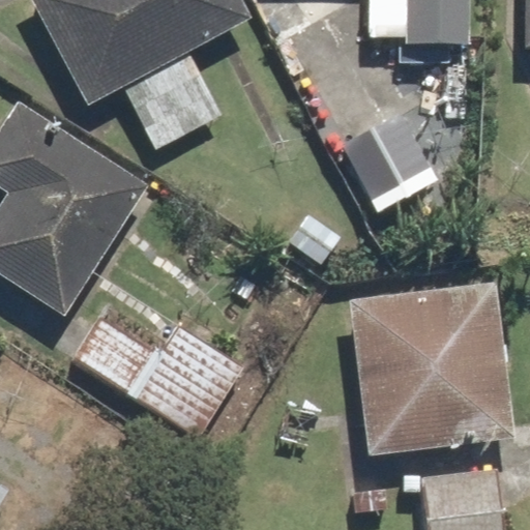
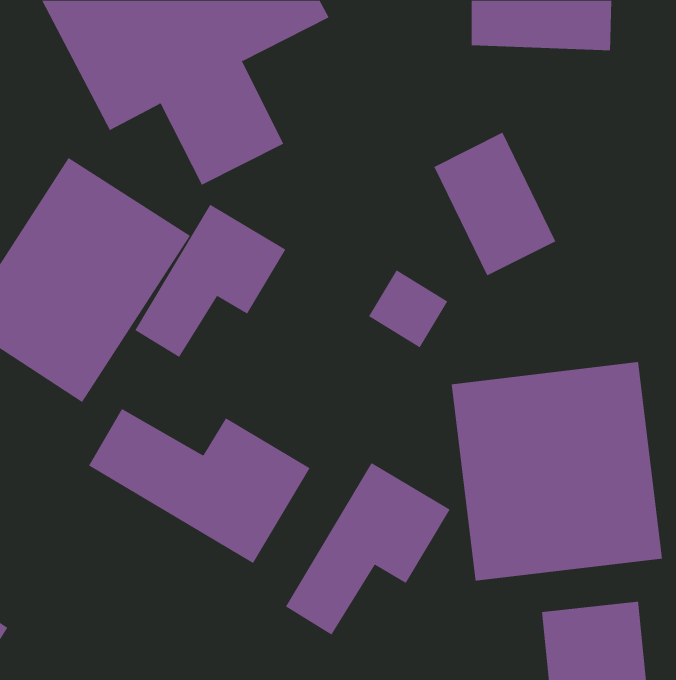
building: none -> [134,204,286,358]
building: none -> [285,462,450,635]

